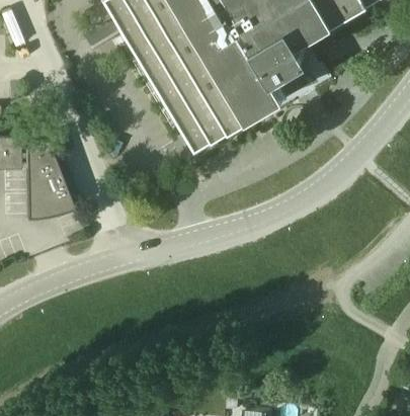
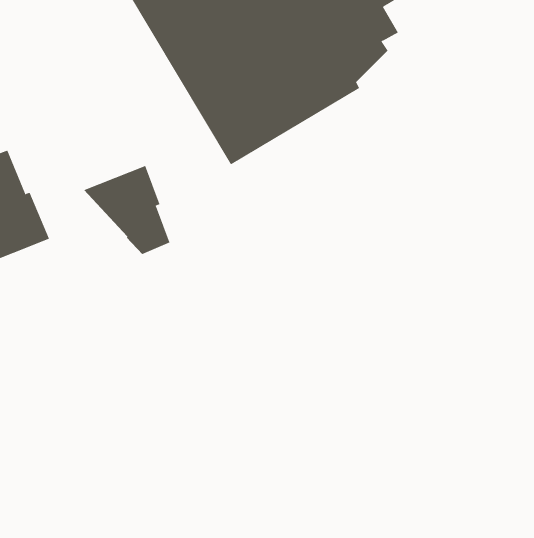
building: none -> [83,165,170,255]

